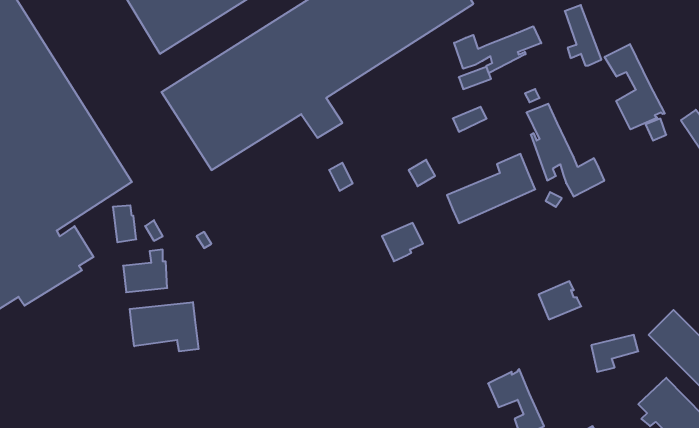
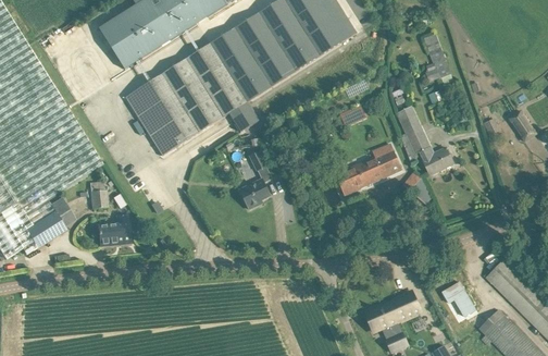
building: [454,26,541,73] -> none
building: [605,44,665,129] -> none
building: [382,223,423,261] -> [239,180,270,208]
building: [539,281,581,319] -> [389,292,421,320]
building: [130,302,199,351] -> none

